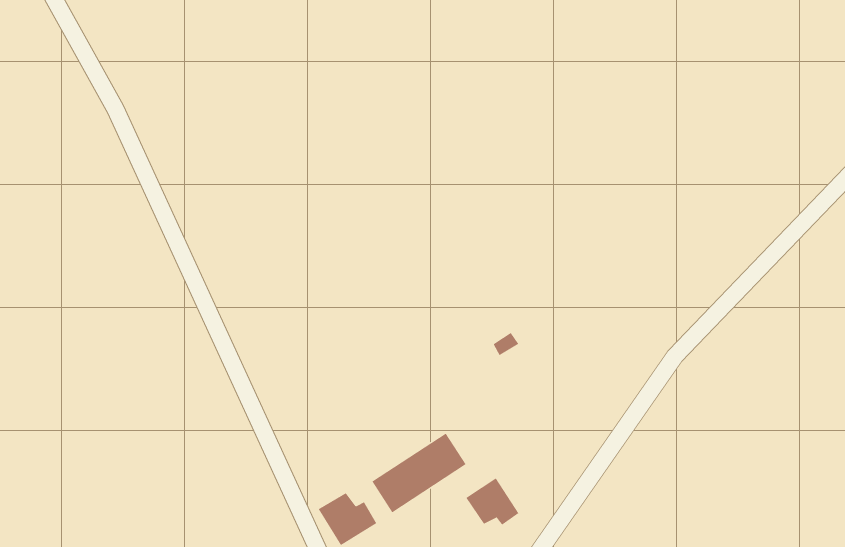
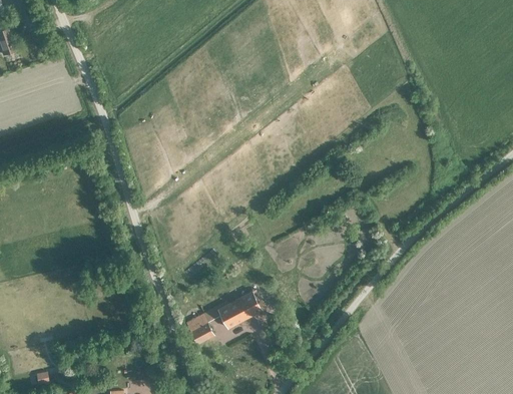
building: [466,478,519,526] -> none

